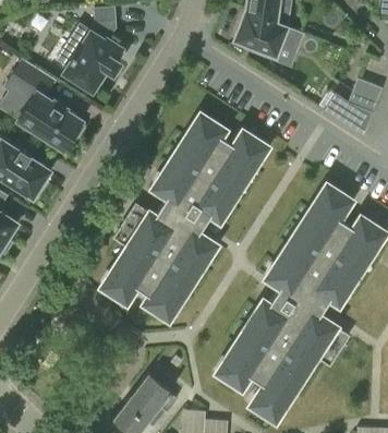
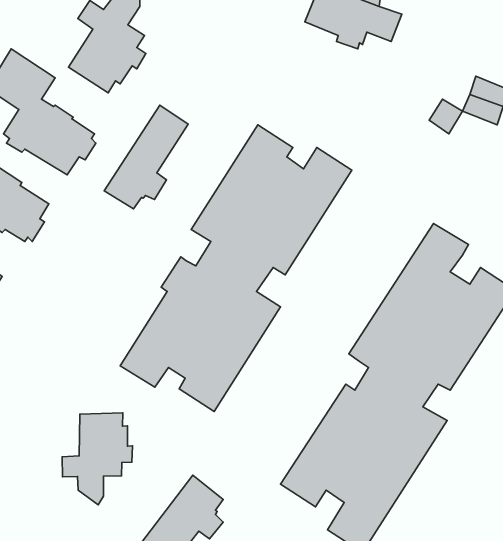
building: none -> [104,105,188,209]
building: none -> [62,413,133,505]

